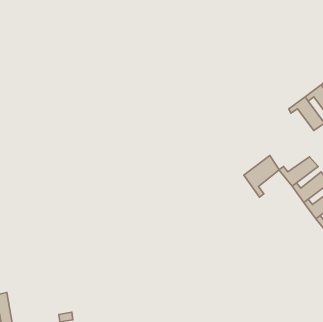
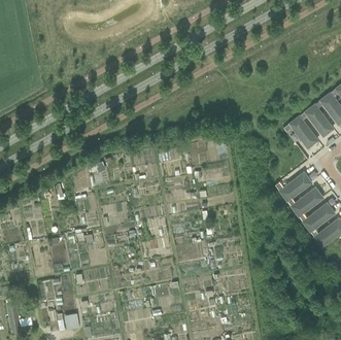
building: [244,156,279,197] -> none

